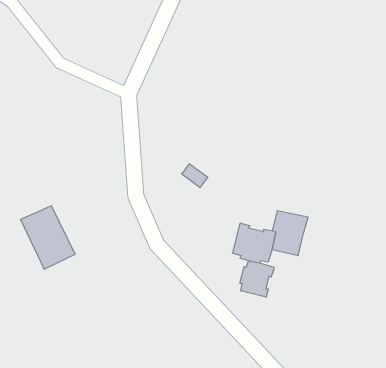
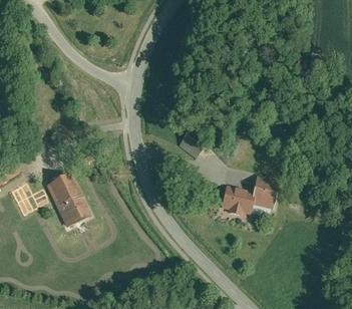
building: [240,261,274,297] -> none

